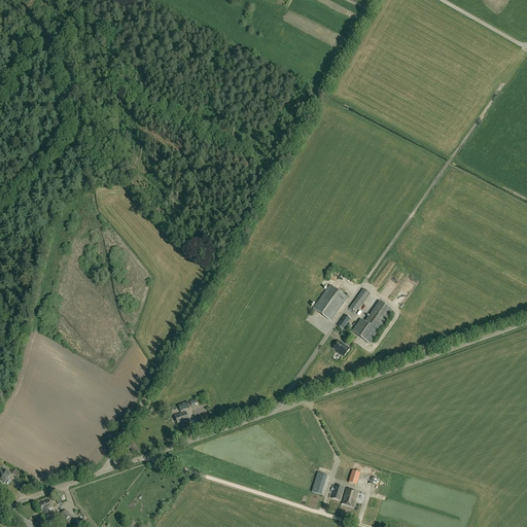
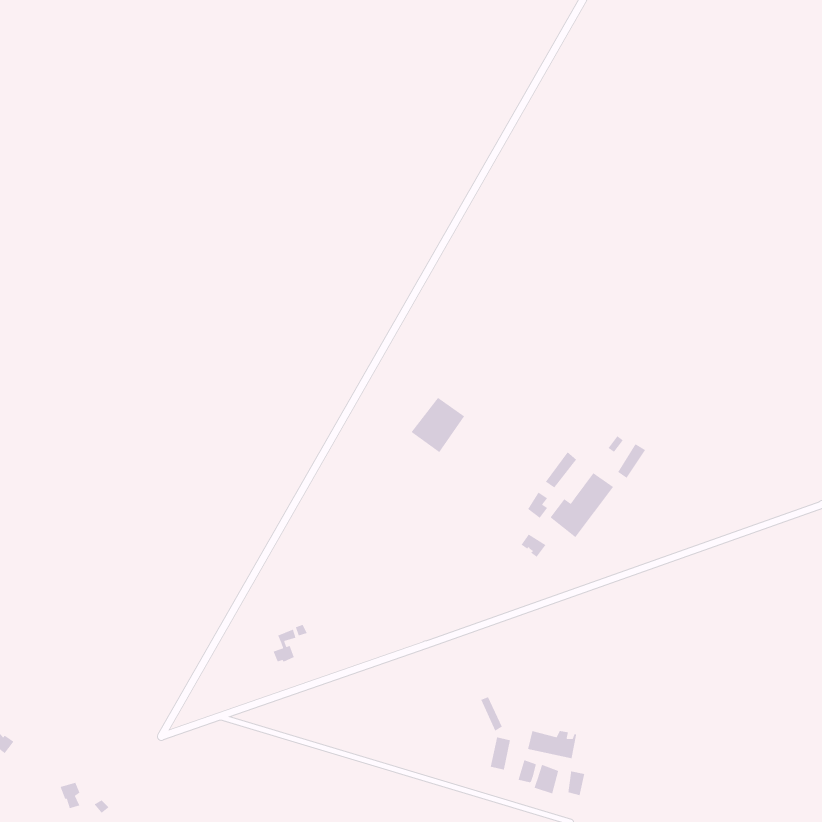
building: [312,285,347,321] -> [411,397,465,453]

